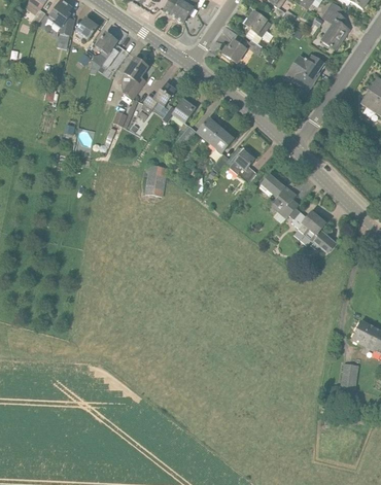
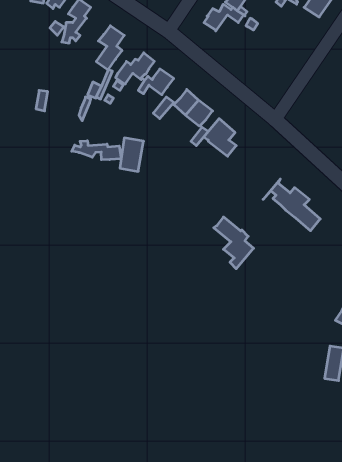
building: [285,53,324,88] -> none
building: none -> [72,141,121,160]
building: [259,173,298,222] -> [214,217,254,269]

